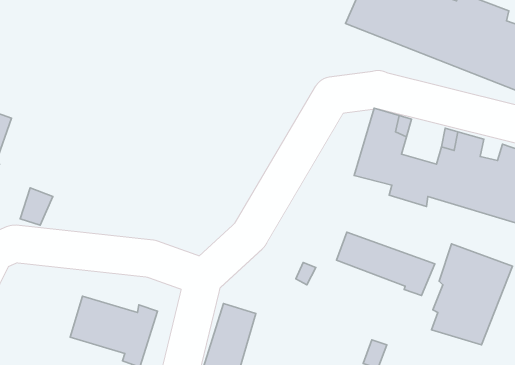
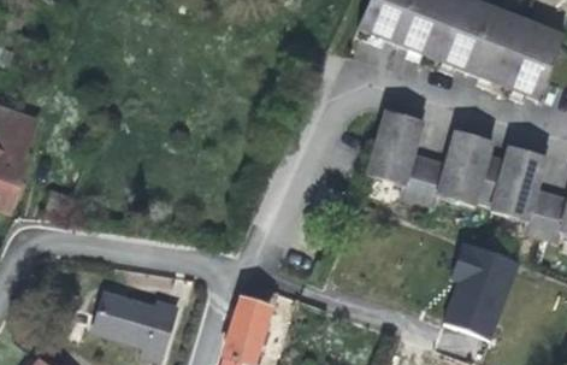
building: [337,232,435,295] -> none

